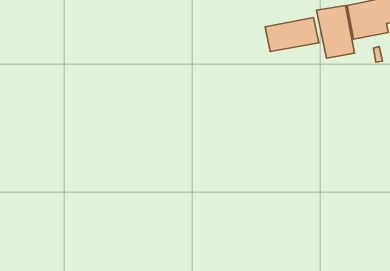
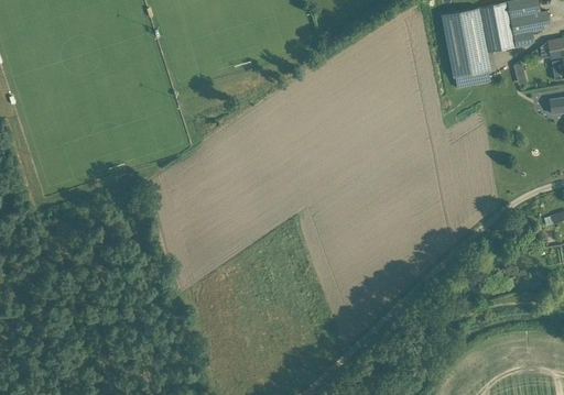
building: [265,18,319,51] -> none

